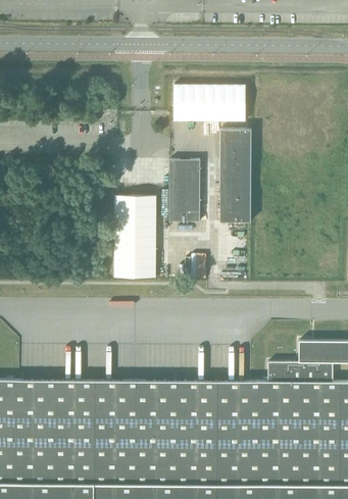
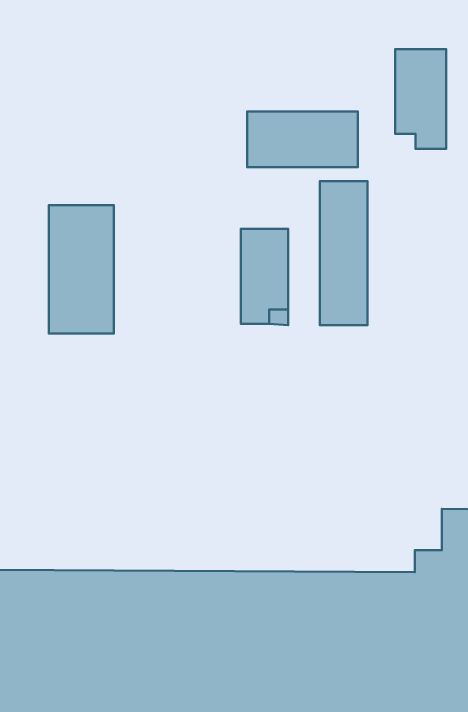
building: none -> [395,49,446,149]
building: [114,196,156,279] -> [49,205,114,333]

